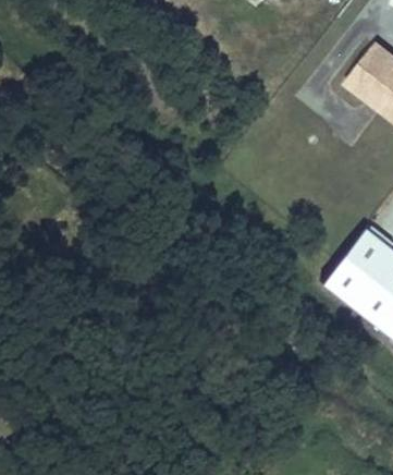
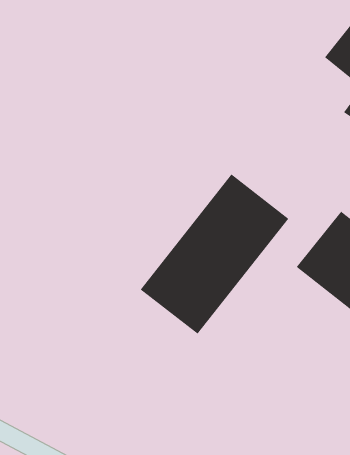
building: none -> [140,174,289,335]

